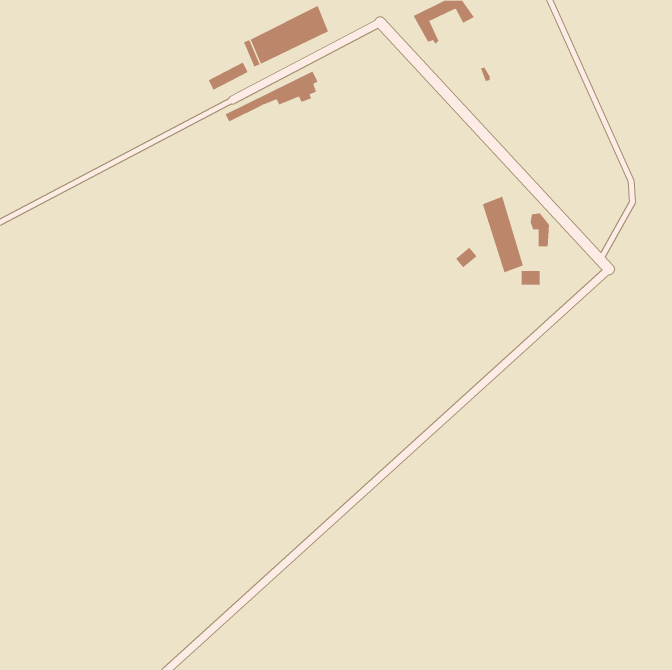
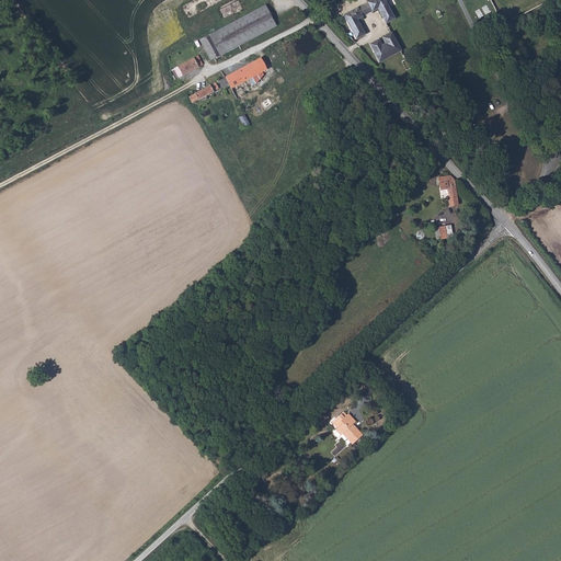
building: none -> [370,32,400,59]
building: [482,196,524,273] -> none
building: none -> [332,414,362,446]

